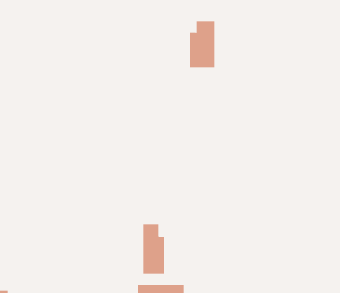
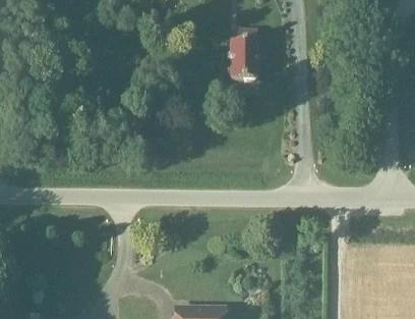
building: [143,224,164,274] -> none

